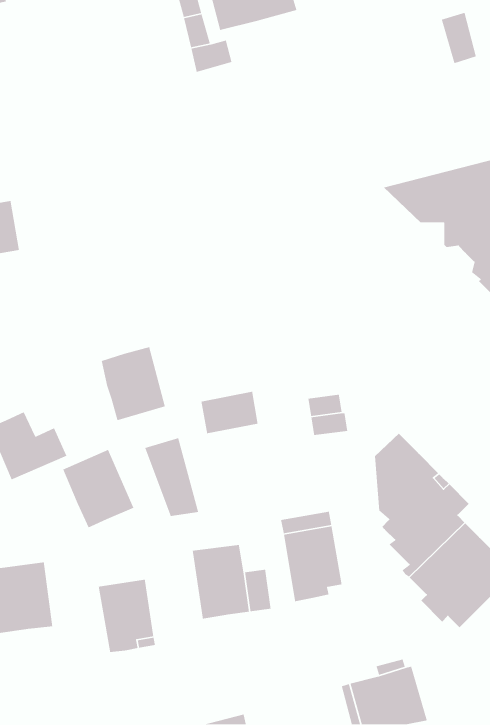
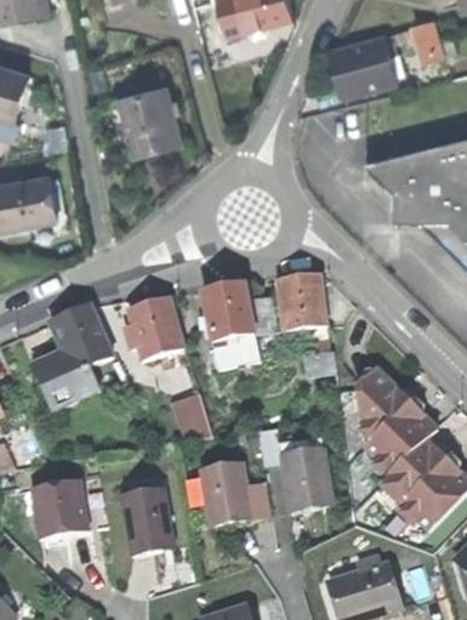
building: none -> [328,34,395,95]
building: none -> [120,85,181,153]
building: none -> [275,273,325,331]
building: none -> [199,284,254,343]
building: [62,449,135,528] -> [50,306,110,372]

